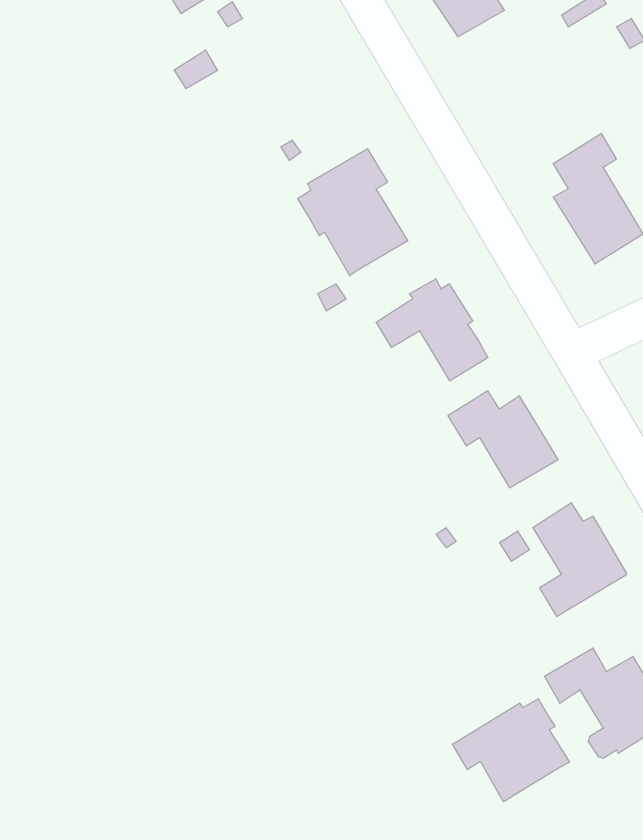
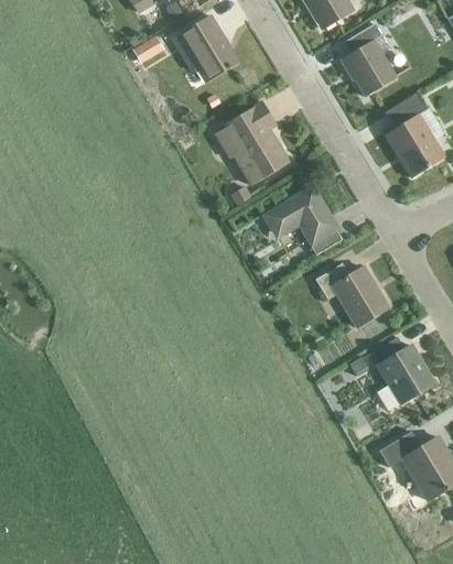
building: none -> [179,14,238,82]
building: none -> [341,23,396,96]
building: [452,699,569,802] -> none

